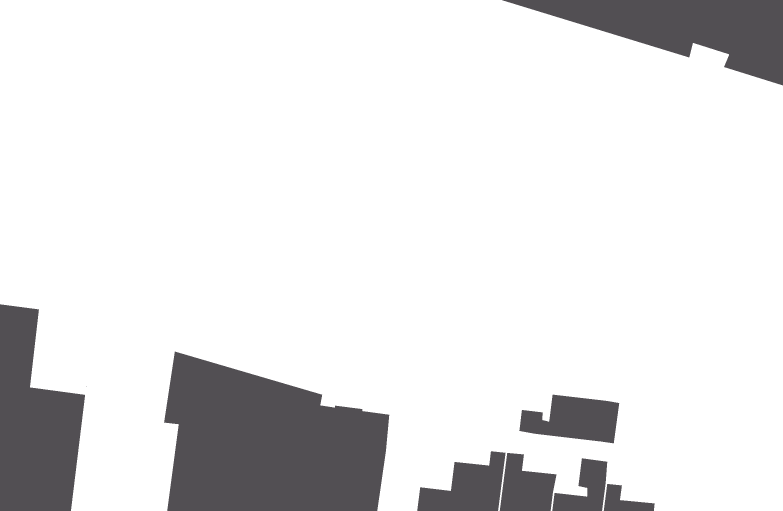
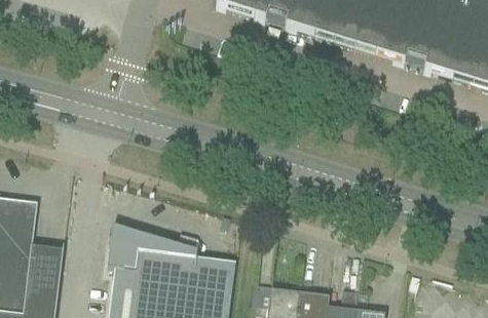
building: [519,394,620,444] -> none

